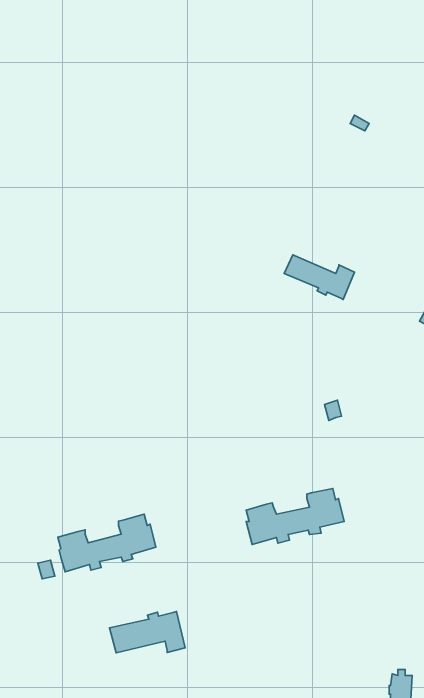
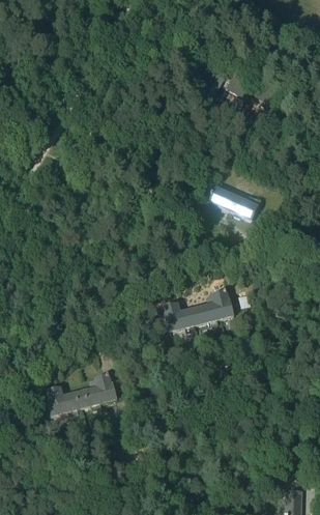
building: [246,488,344,545] -> [164,290,234,331]
building: [110,611,185,653] -> none

